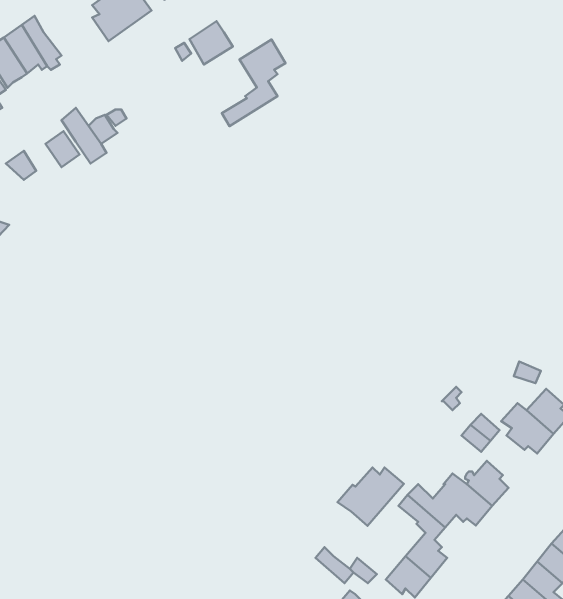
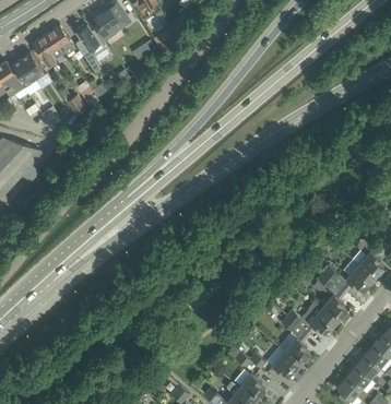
building: none -> [75,26,106,73]
building: [222,40,285,126] -> none
building: [337,467,404,526] -> none

